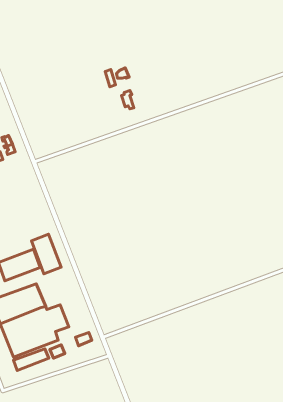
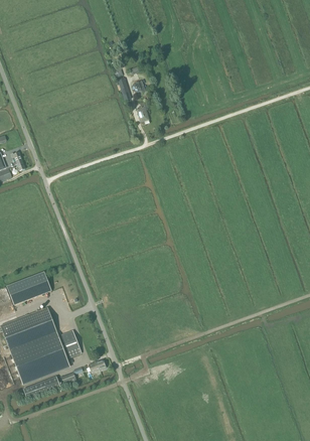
building: [31,234,61,274] -> none

